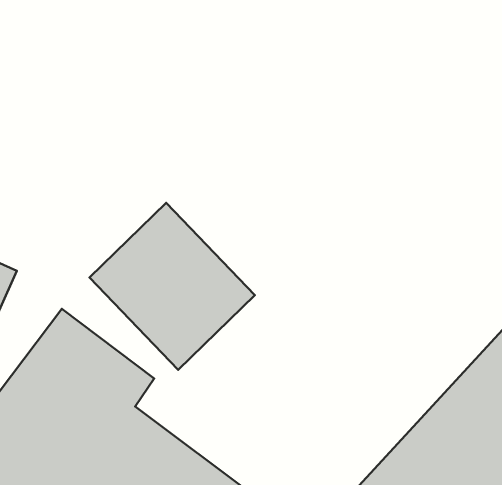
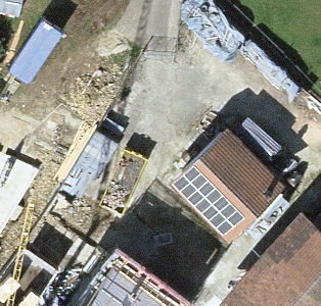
building: [90,203,255,370] -> [177,143,274,241]

